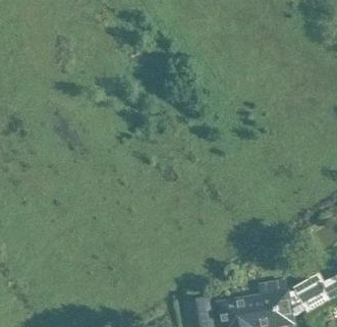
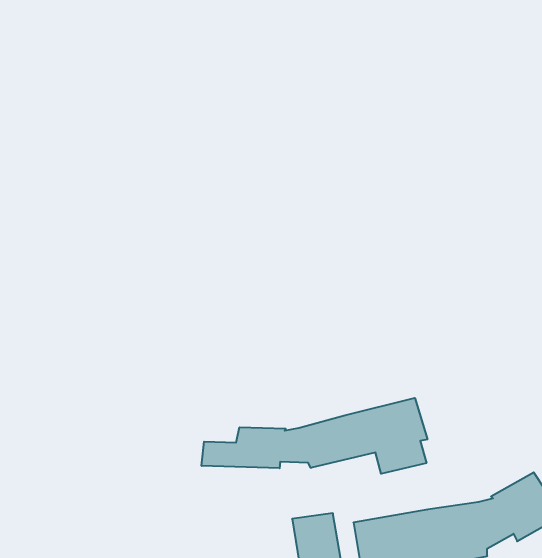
building: none -> [202,398,427,474]

